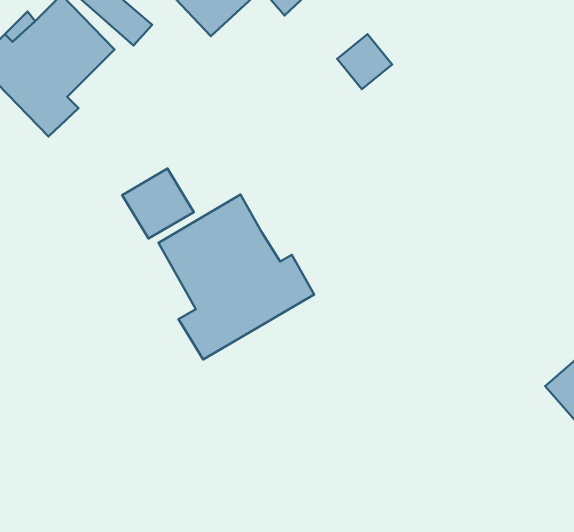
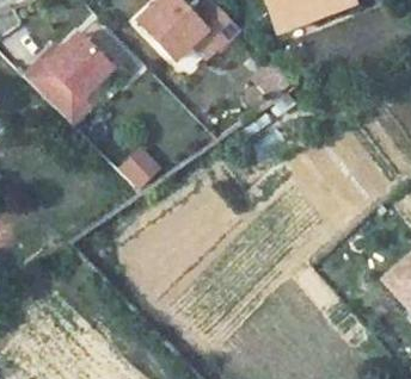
building: [159,195,314,359] -> none

